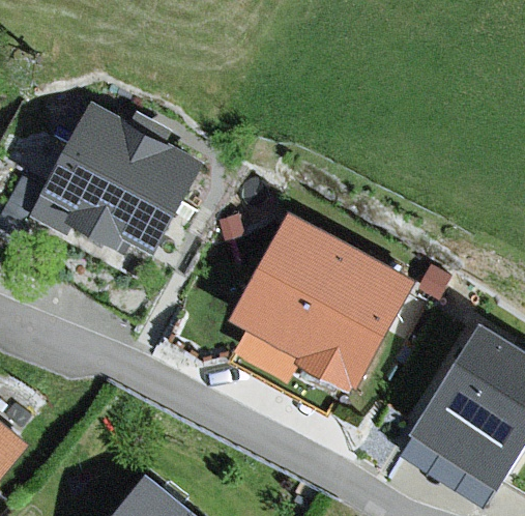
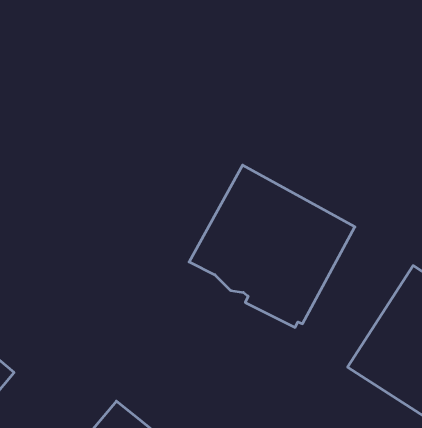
building: [38,102,203,259] -> none

